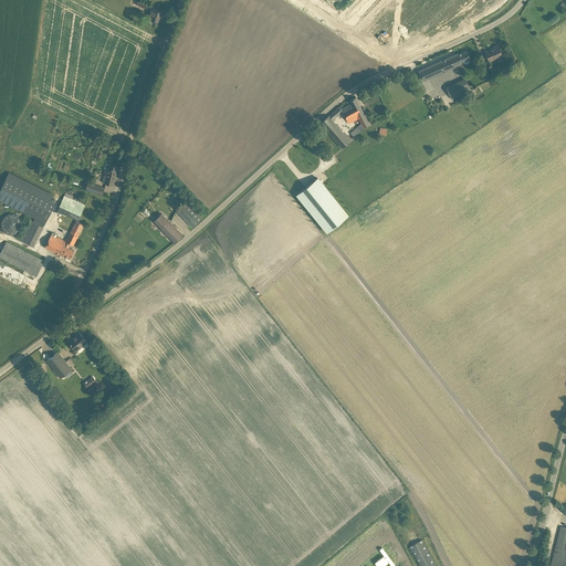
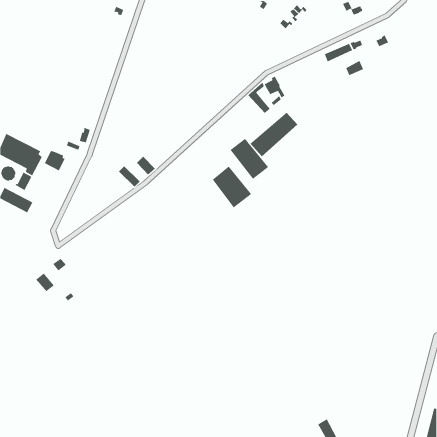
building: none -> [250,112,298,157]
building: none -> [212,166,252,209]
building: [44,221,83,260] -> none

